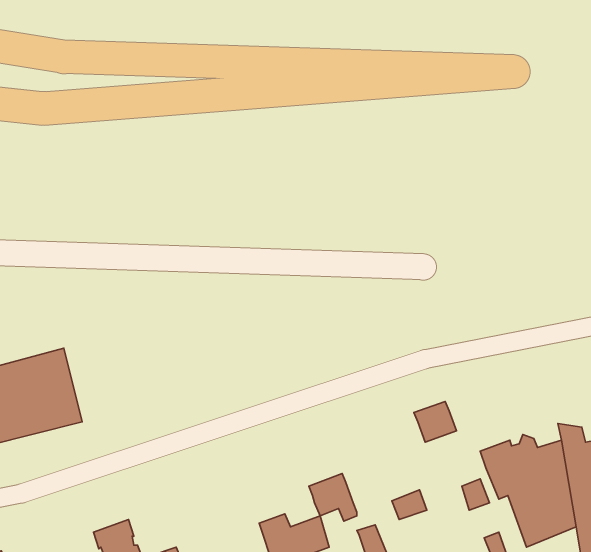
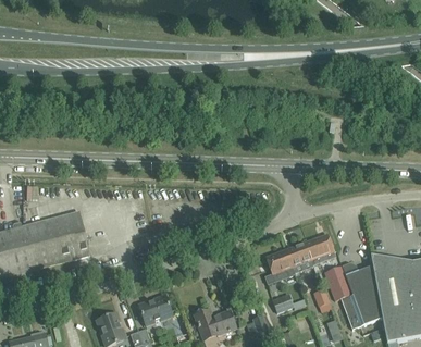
building: none -> [305,233,336,263]
building: [309,473,357,521] -> [267,248,295,276]
building: none -> [138,294,171,324]

